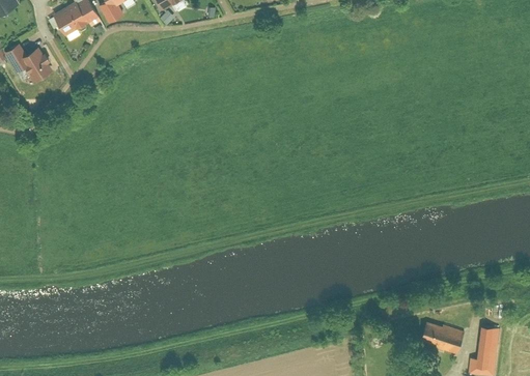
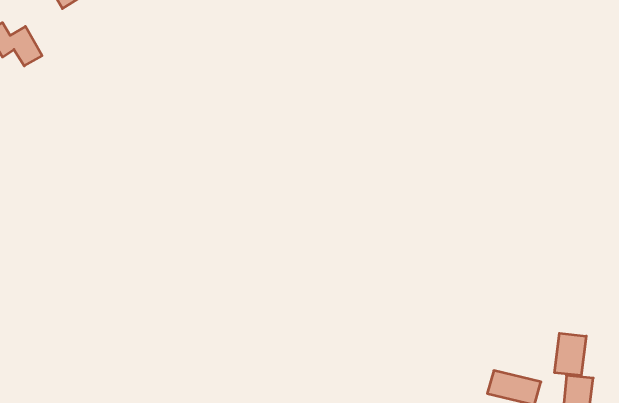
building: none -> [555,333,586,375]

